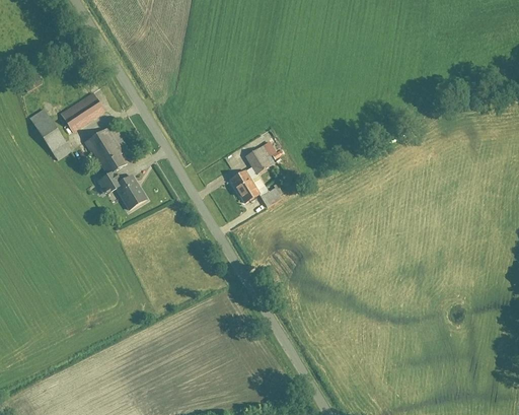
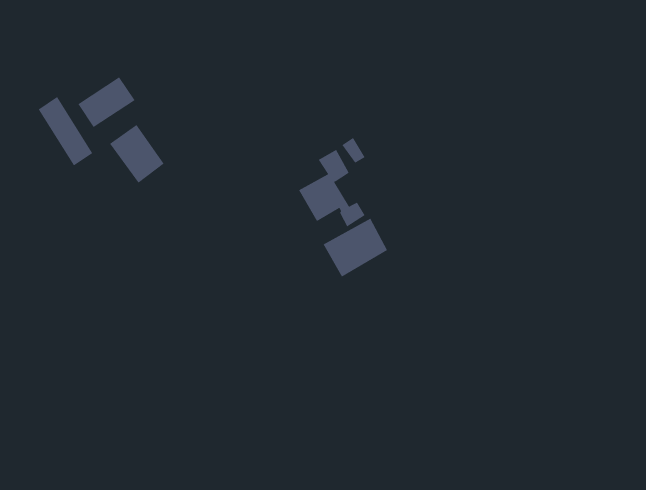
building: [100,170,149,212] -> none
building: none -> [323,218,388,277]

